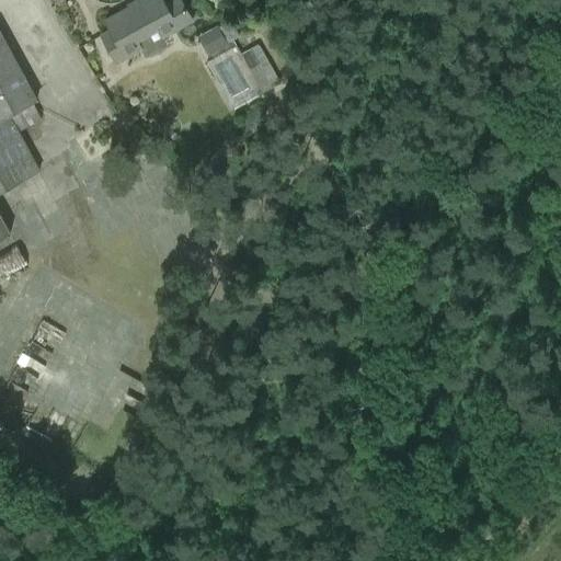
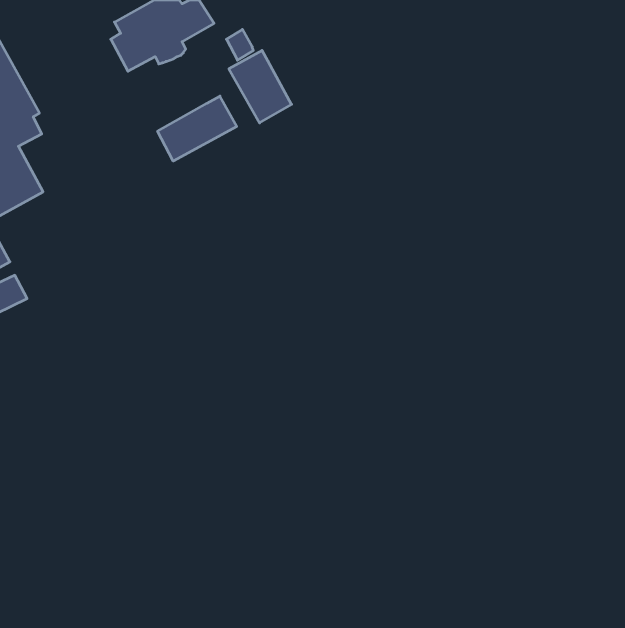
building: [239,42,278,91] -> none
building: none -> [158,96,237,161]

